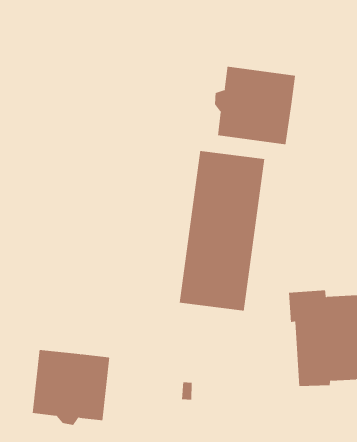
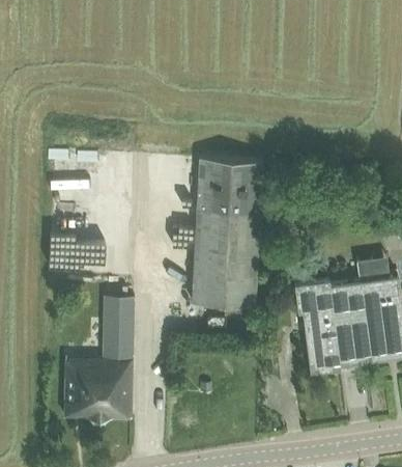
building: [214,66,296,145] -> none
building: none -> [104,296,134,359]

